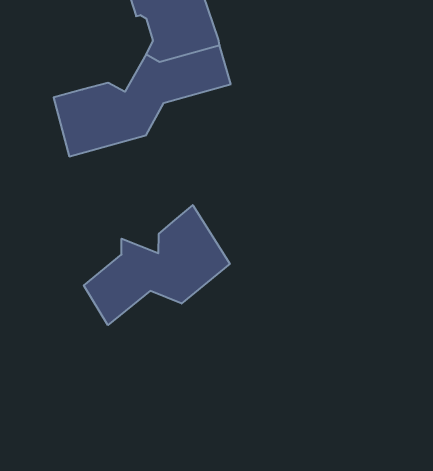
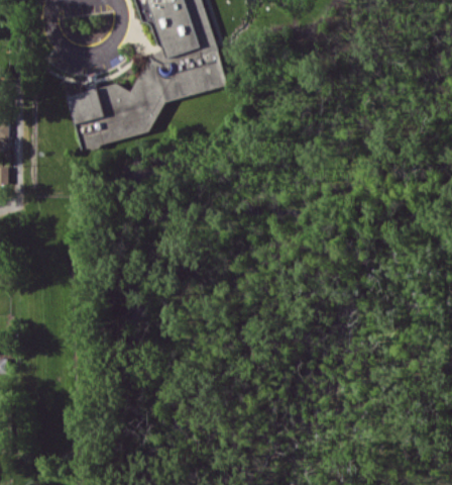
building: [84,205,230,325] -> none

